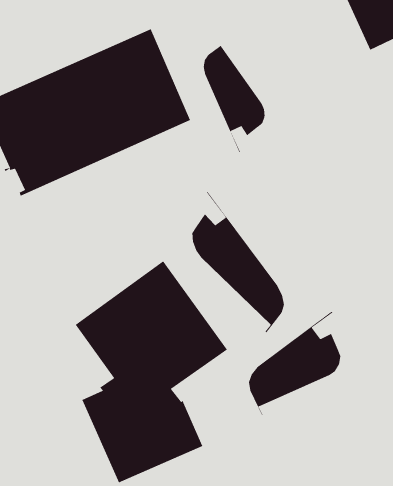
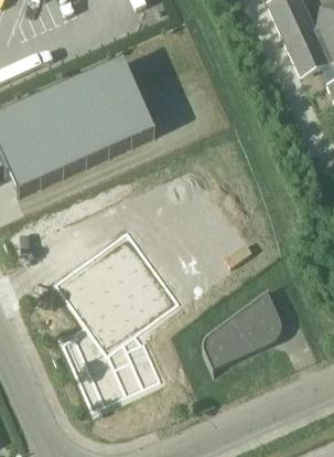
building: [203,40,265,153] -> none
building: [192,191,284,333] -> none

